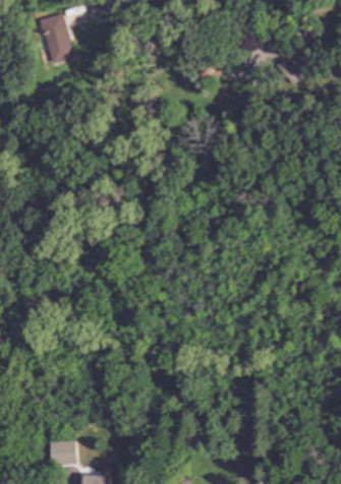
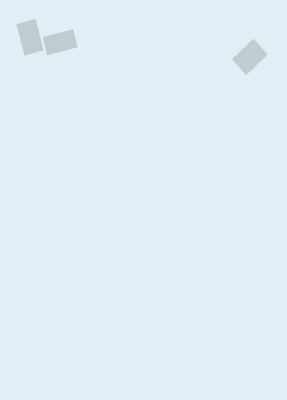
building: none -> [42,28,79,56]

